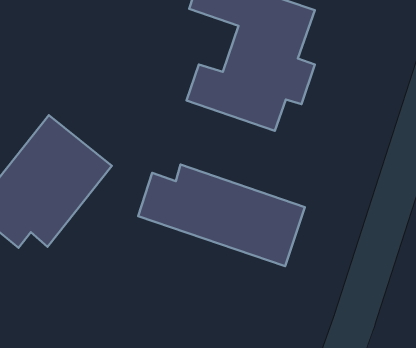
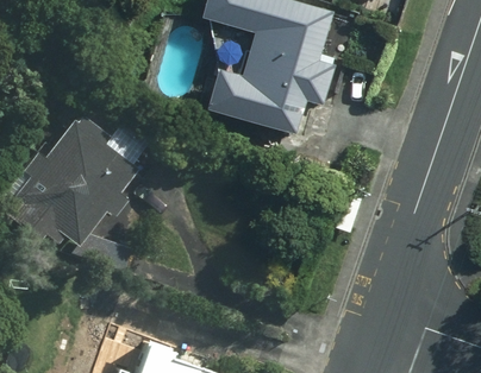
building: [138,165,305,266] -> none

